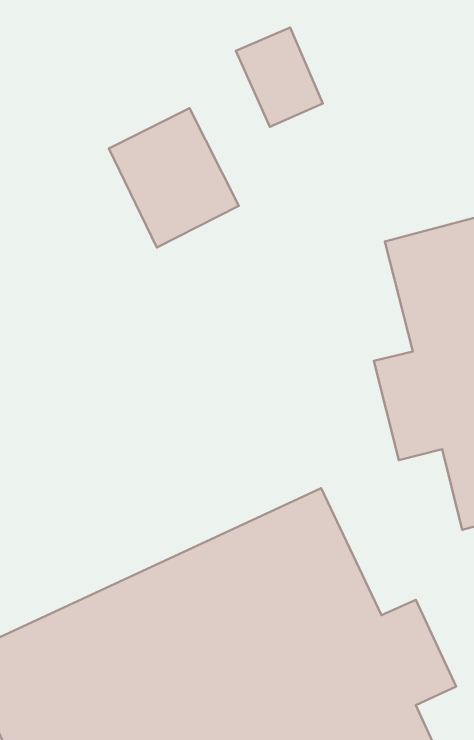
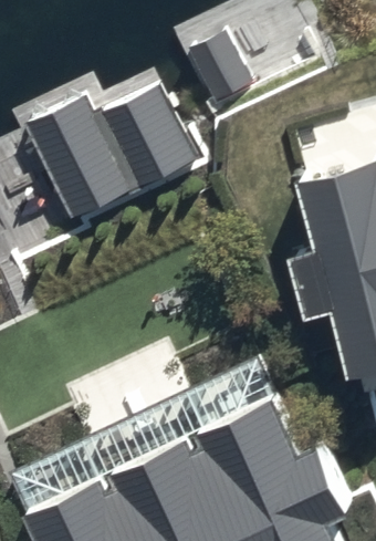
building: none -> [32,101,138,219]

